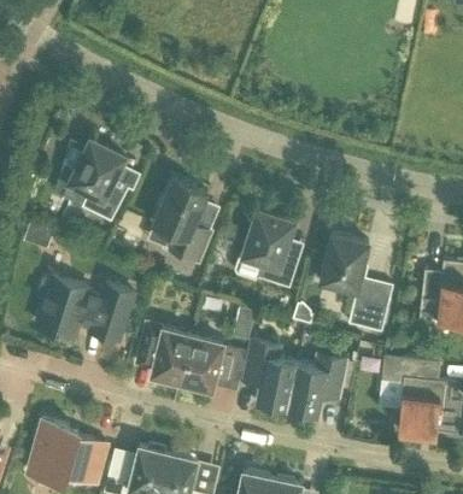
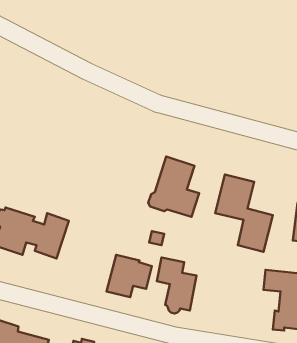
building: [61,141,127,223] -> none
building: [153,180,211,263] -> none
building: [139,328,194,384] -> none
building: [288,355,347,421] -> none

